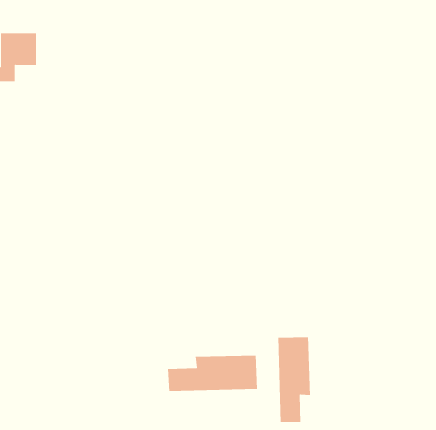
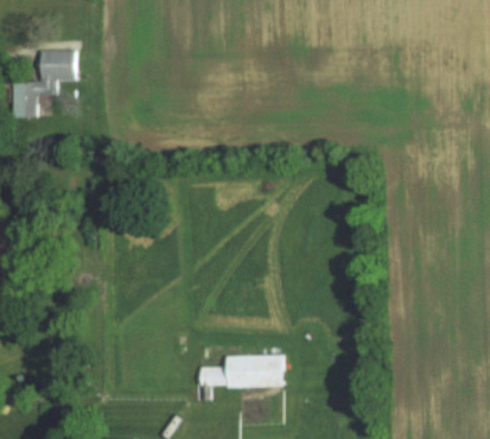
building: [278,337,311,423] -> none

